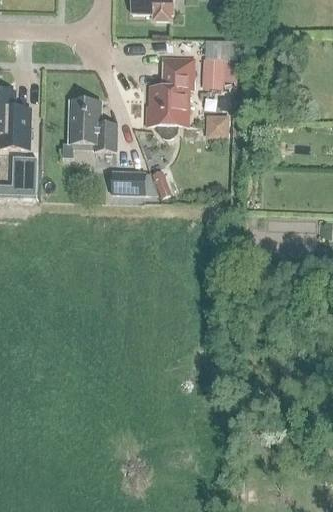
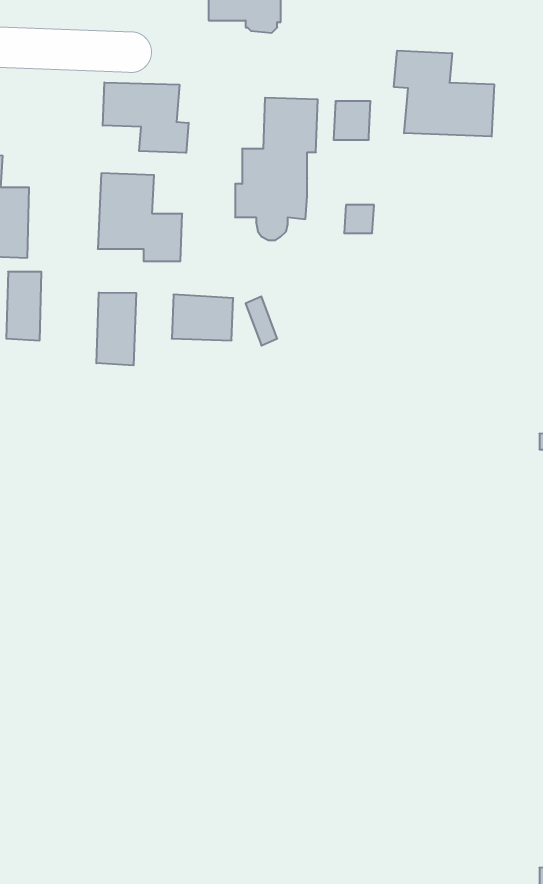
building: none -> [394,51,494,137]
building: none -> [103,82,189,153]
building: none -> [96,292,136,365]

